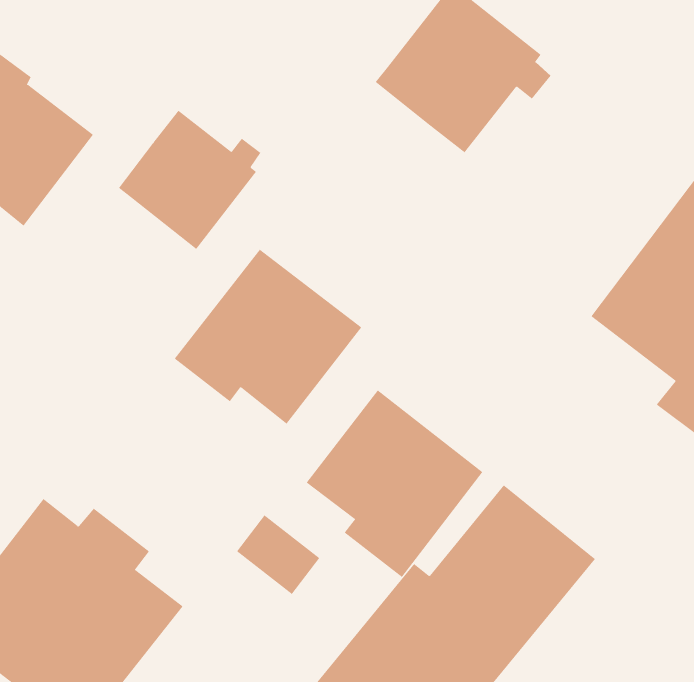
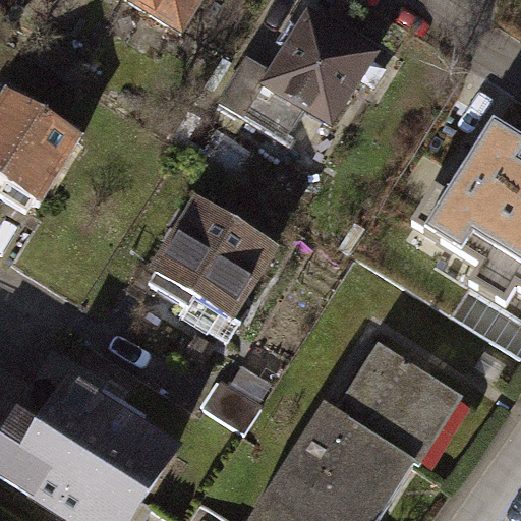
building: none -> [219,57,302,141]
building: [118,110,261,250] -> none
building: [306,390,483,578] -> none

